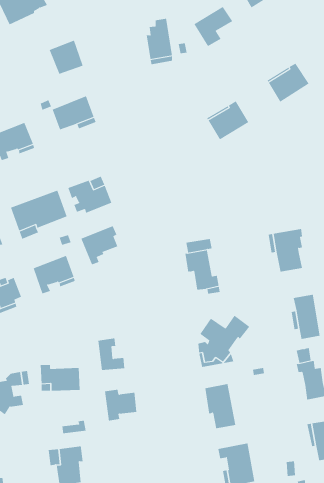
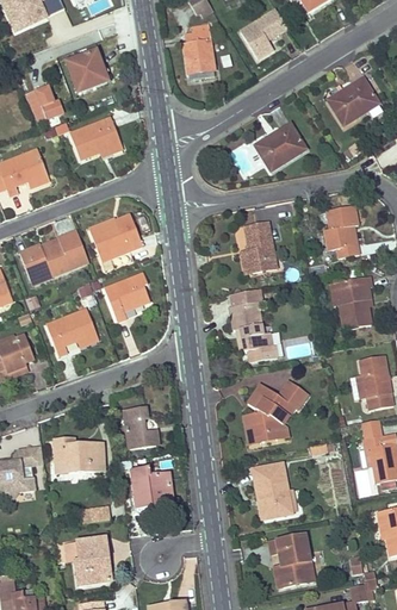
building: none -> [25,87,63,122]
building: none -> [323,206,359,257]
building: none -> [241,222,278,273]

